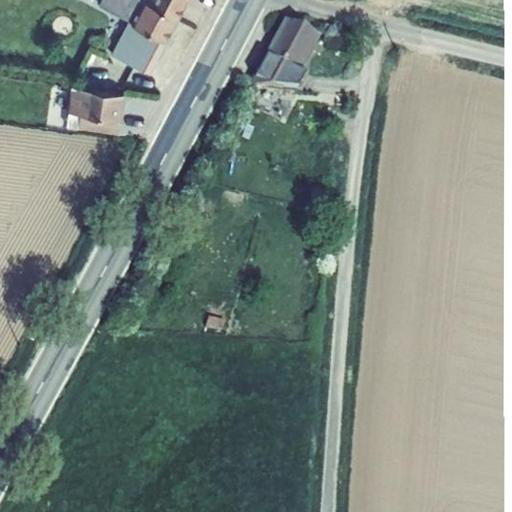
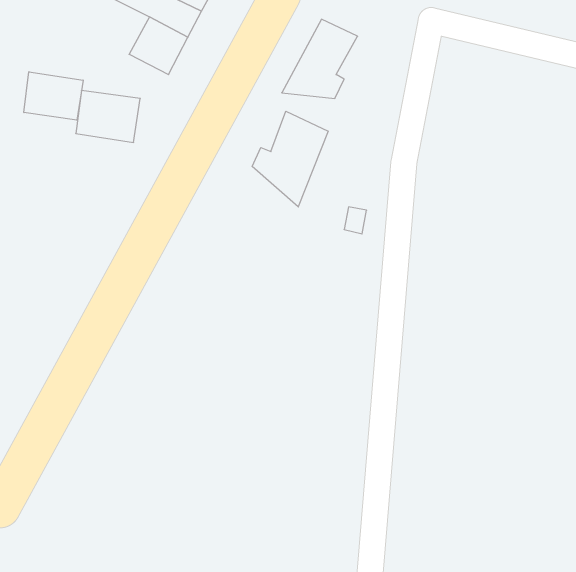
building: none -> [24,72,83,120]
building: none -> [252,111,328,207]

